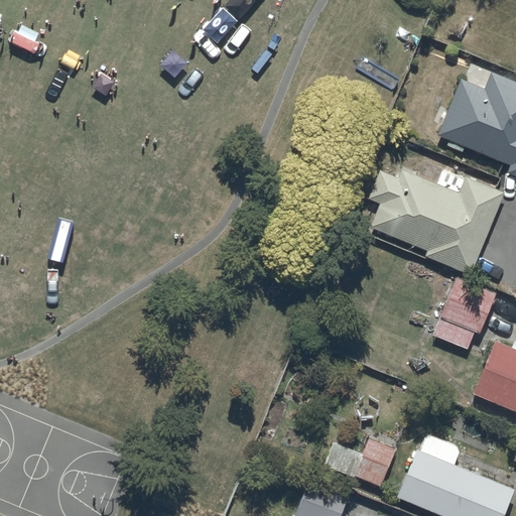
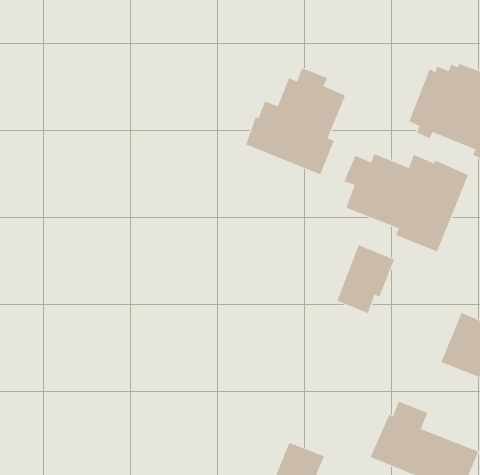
building: none -> [245,68,346,175]
building: [432,277,495,352] -> [336,244,395,314]
building: [325,439,395,489] -> none

